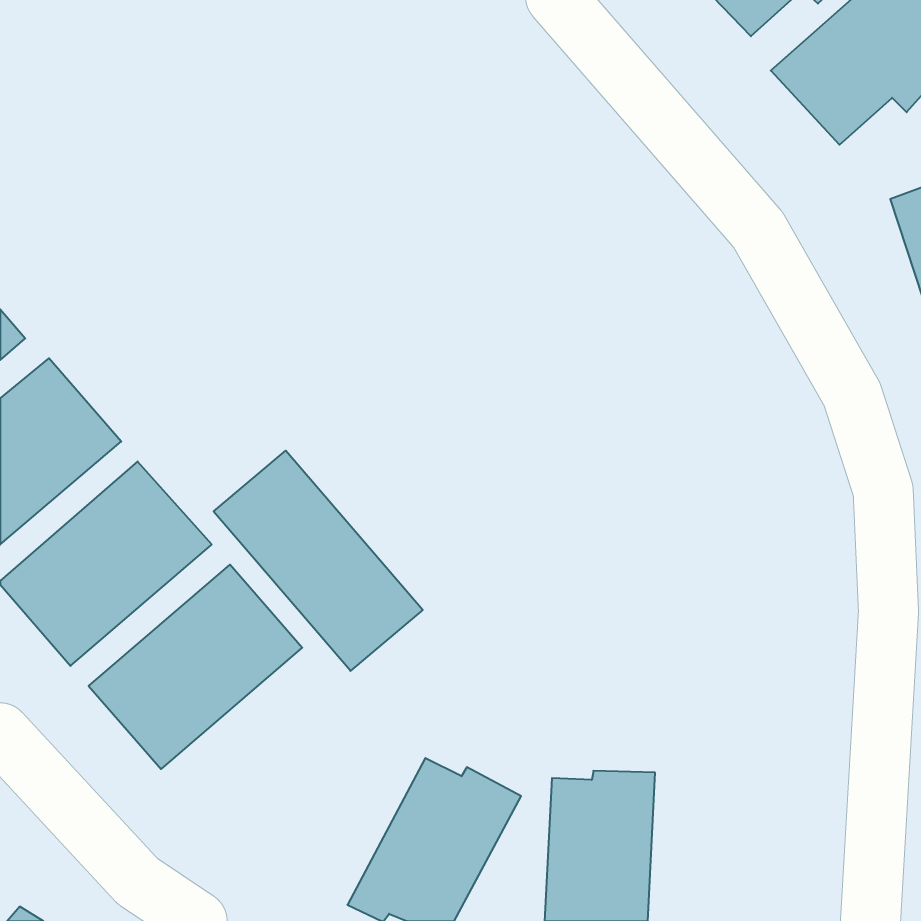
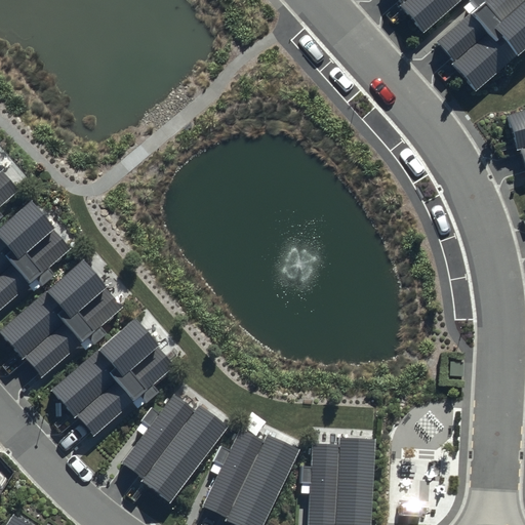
building: [214,451,423,671] -> none
building: none -> [119,395,228,500]

